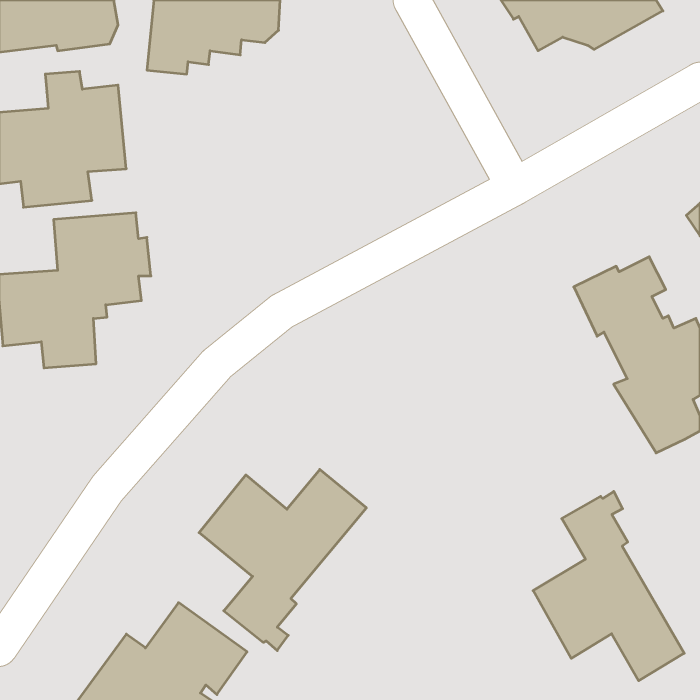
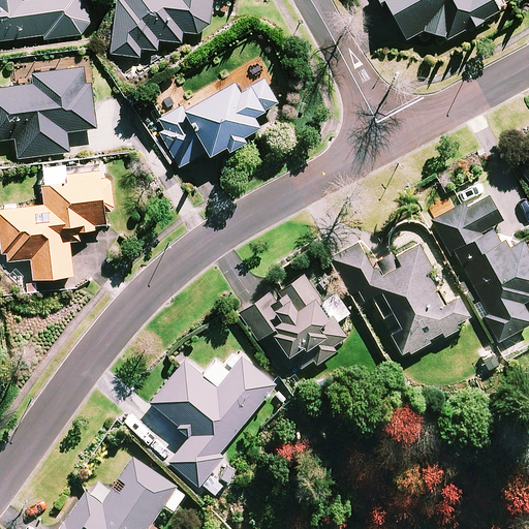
building: none -> [153,77,278,167]
building: none -> [331,241,471,355]
building: none -> [245,273,350,372]
building: [533,491,684,681] -> none

